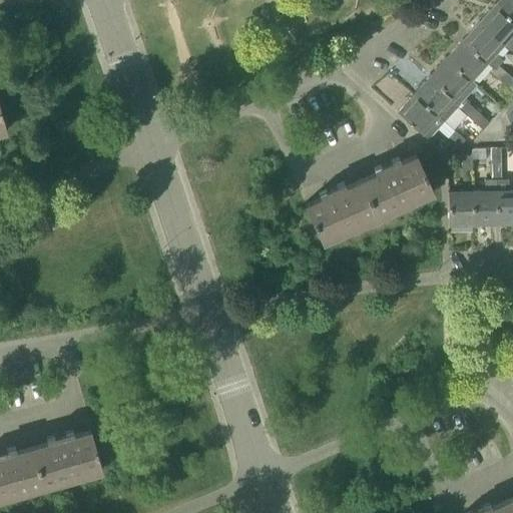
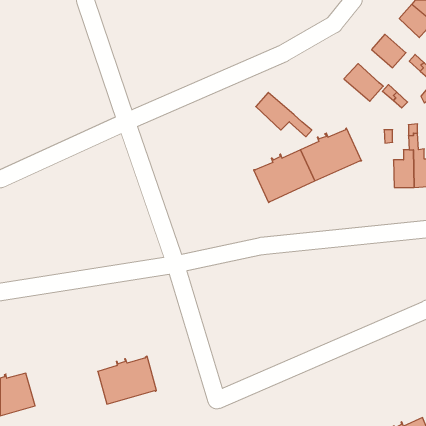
building: [463,24,504,65] -> none
building: [431,61,477,105] -> none
building: [399,96,466,149] -> [256,92,312,137]
building: [449,193,474,227] -> none
building: [33,431,103,488] -> [98,356,156,404]

